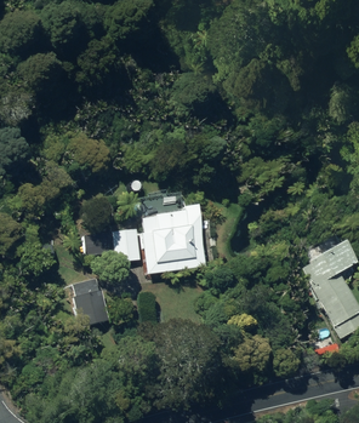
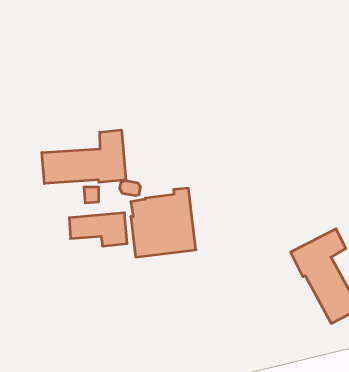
building: none -> [42,130,126,184]
building: [70,276,109,326] -> none

